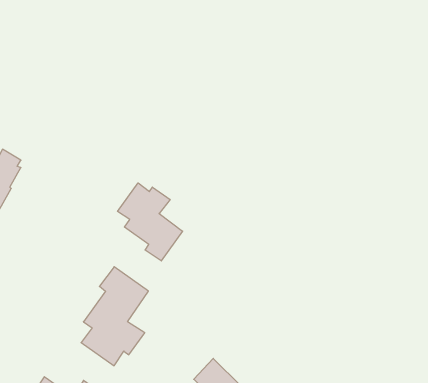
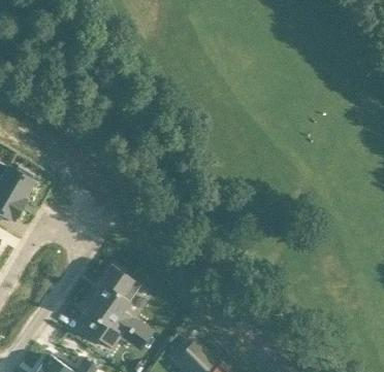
building: [118,183,183,261] -> none

